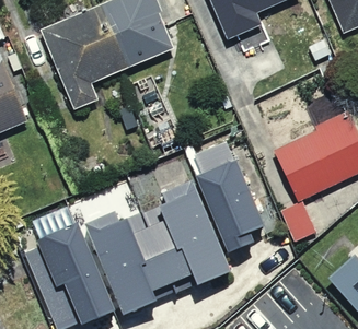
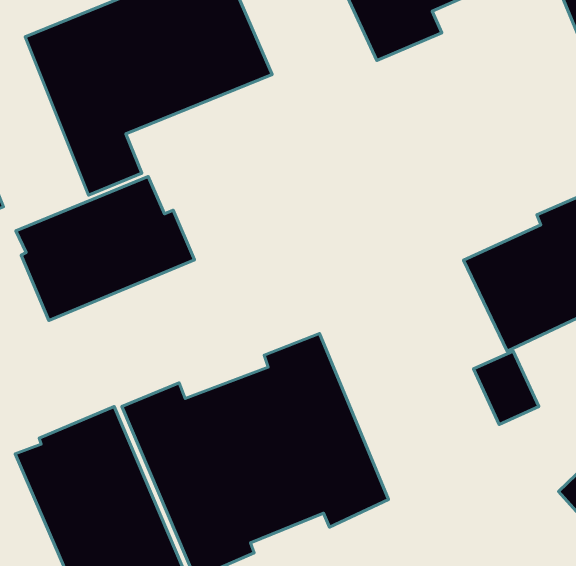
building: none -> [16,176,194,321]
building: [197,145,270,263] -> none

